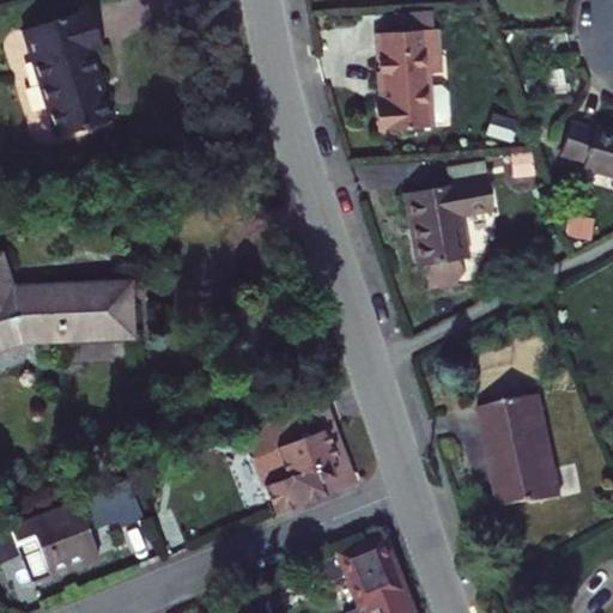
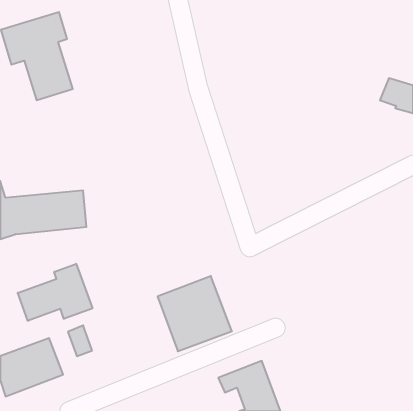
building: [386,10,457,127] -> none
building: [415,177,503,286] -> none
building: [473,388,557,502] -> none
building: none -> [18,264,92,321]

